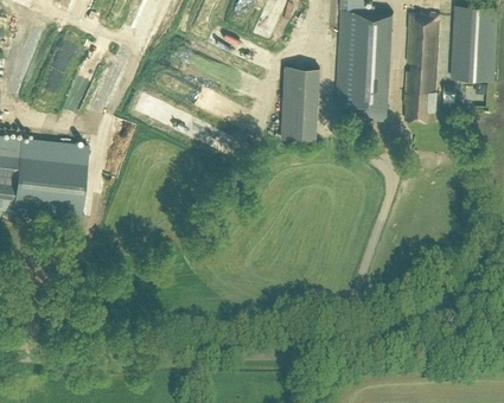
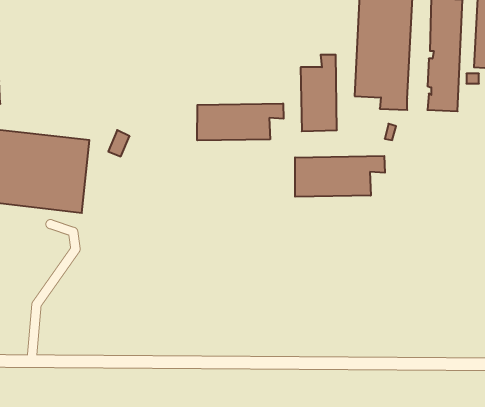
building: none -> [197,103,284,140]
building: none -> [295,156,385,197]

